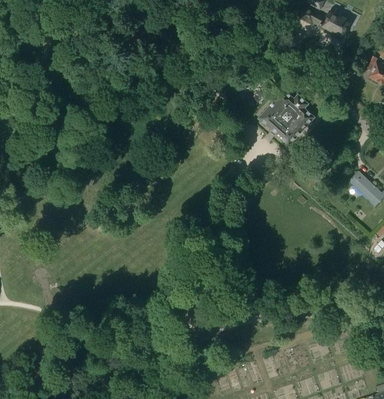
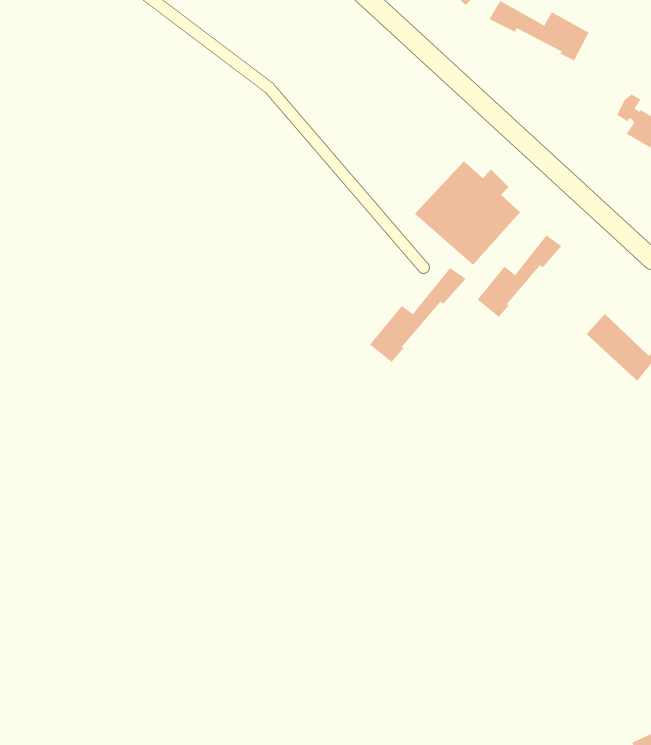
building: none -> [477,235,562,318]
building: none -> [369,267,466,363]

